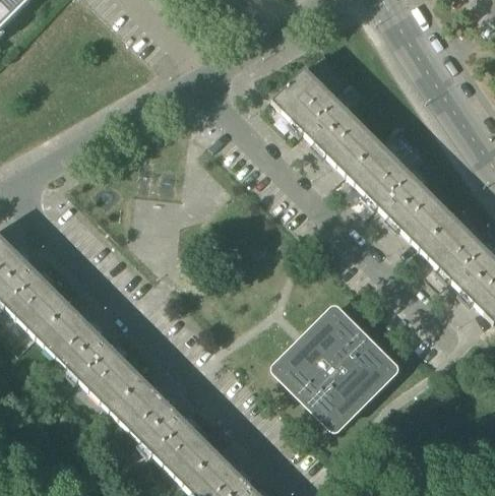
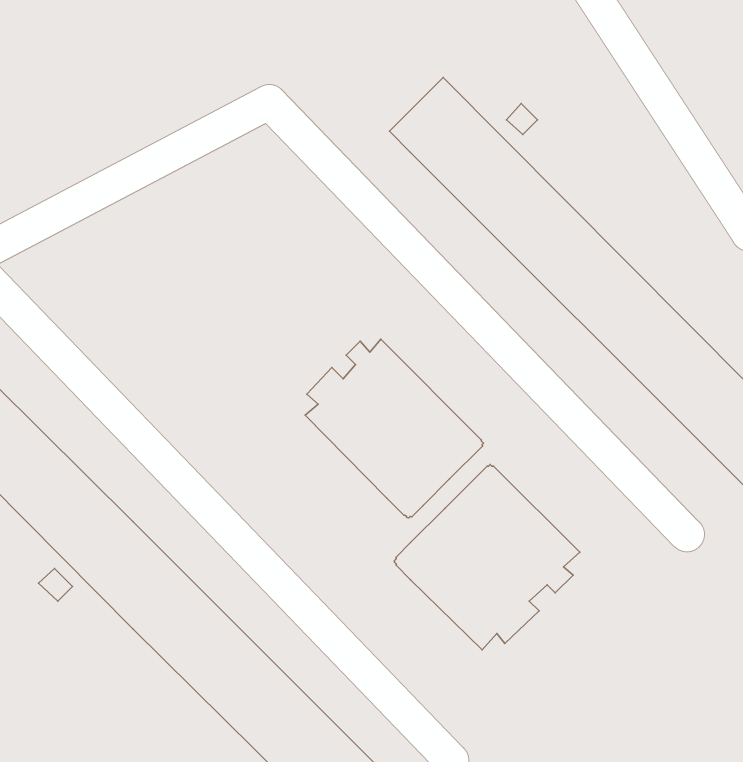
building: none -> [305,339,483,518]

